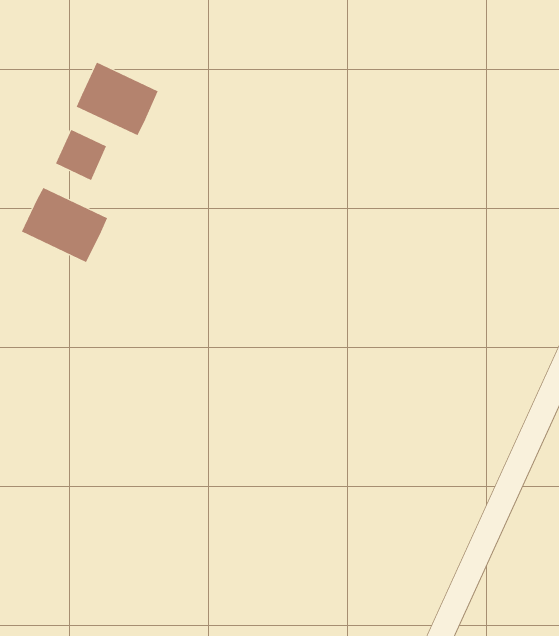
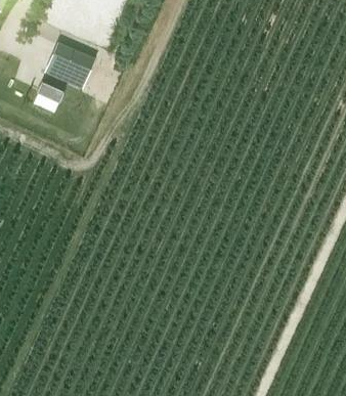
building: [21,187,108,263] -> none

